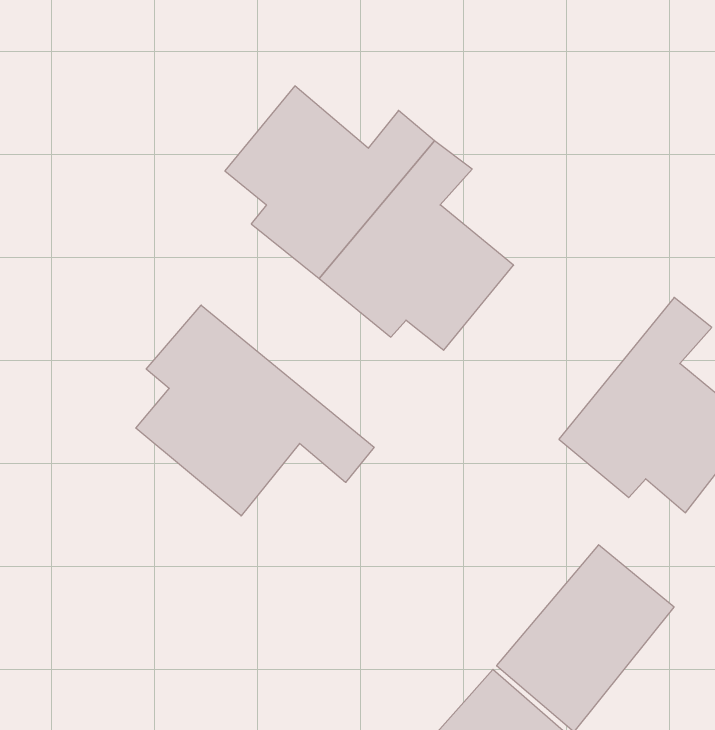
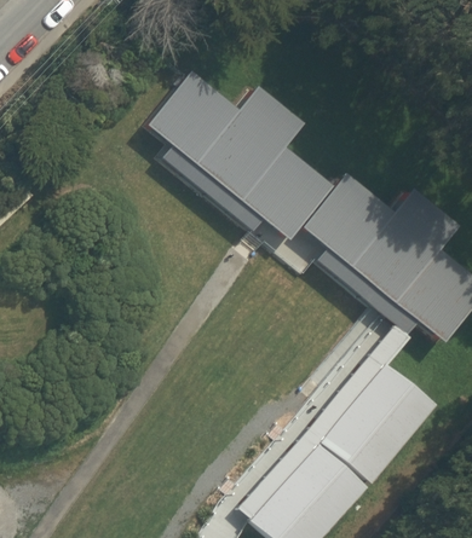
building: none -> [301,172,434,295]
building: [136,305,374,516] -> none

